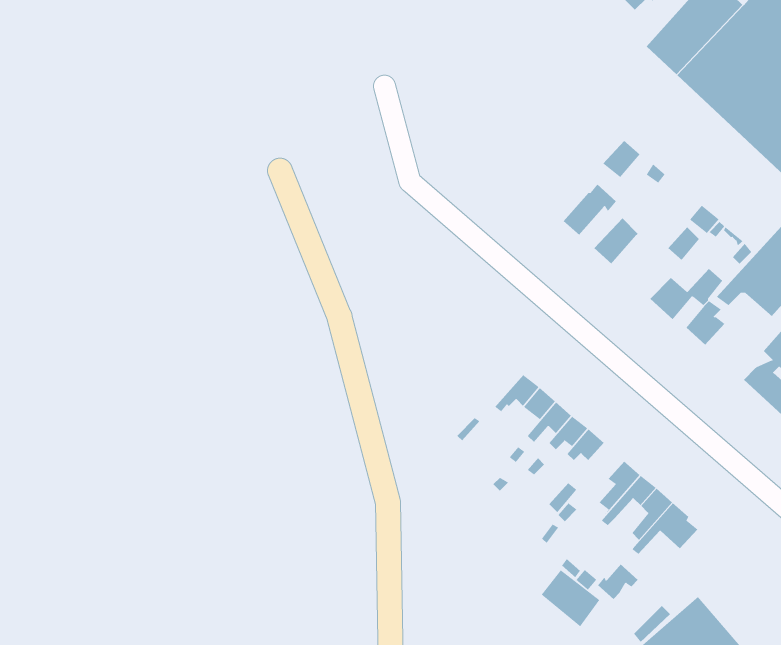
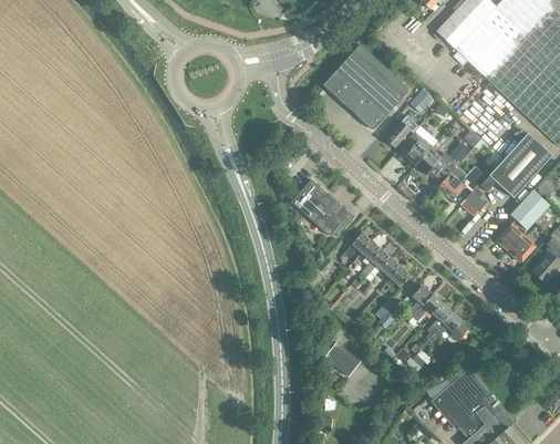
building: none -> [324,43,407,128]
building: none -> [415,147,445,177]
building: none -> [291,178,355,236]
building: [541,569,600,627] -> [324,341,361,376]

